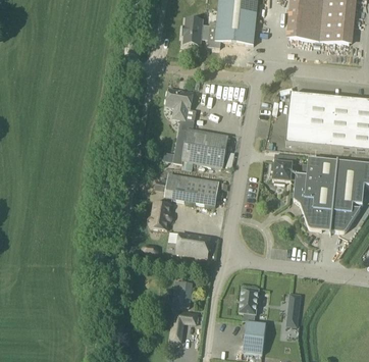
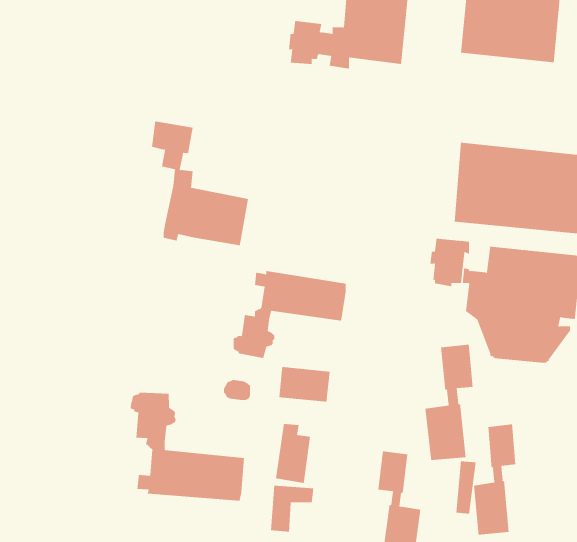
building: [167,88,228,166] -> [151,121,249,246]
building: none -> [425,344,473,461]
building: none -> [130,392,245,501]
building: none -> [474,423,516,535]

